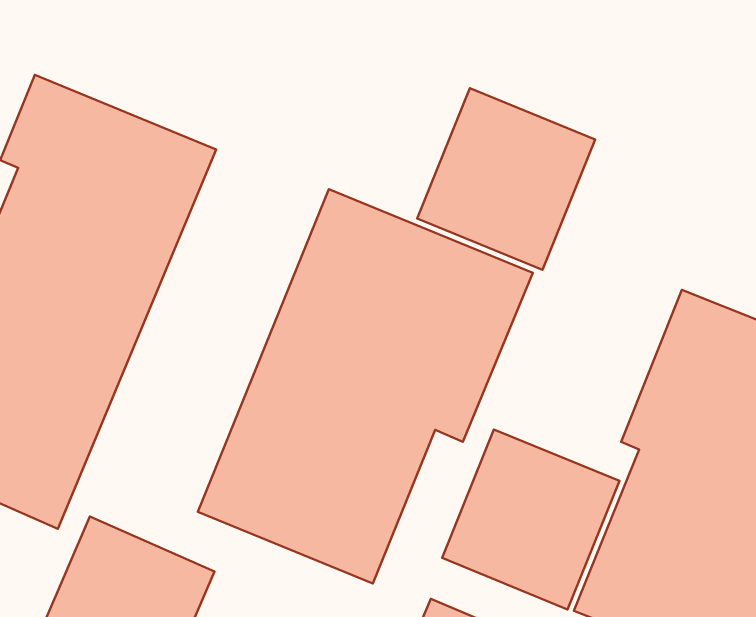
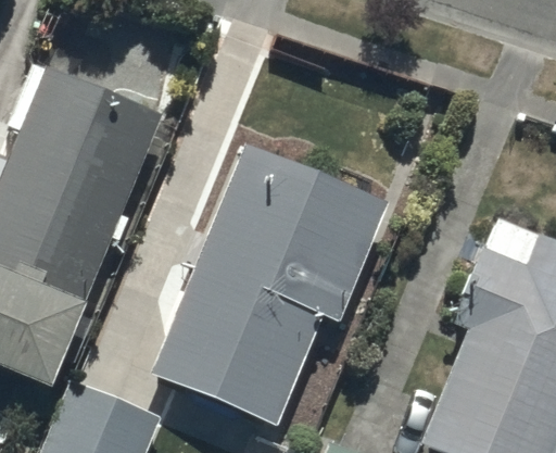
building: [417,88,595,270] -> none
building: [442,429,619,609] -> none

